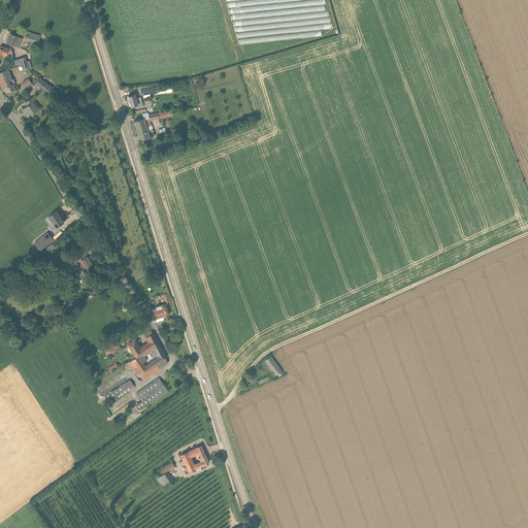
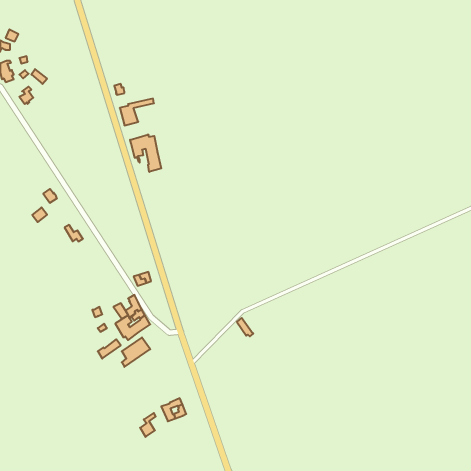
building: none -> [130,134,161,172]

